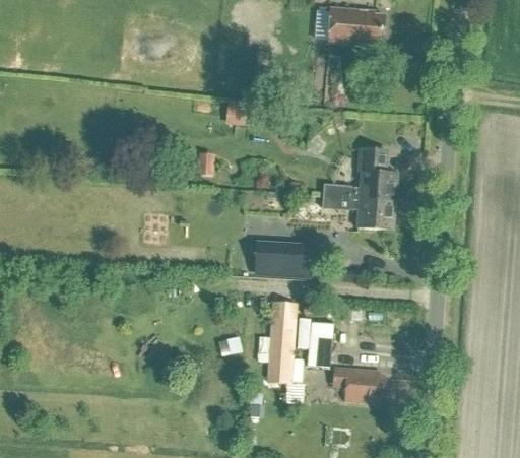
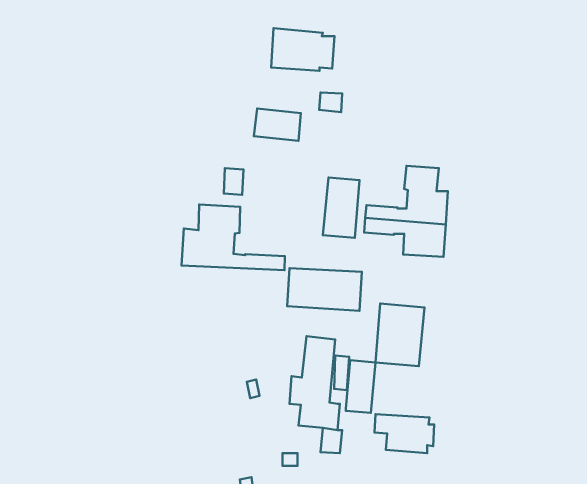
building: [328,7,384,45] -> [271,28,334,71]
building: none -> [323,177,359,238]
building: none -> [181,205,285,270]
building: none -> [376,304,425,366]

